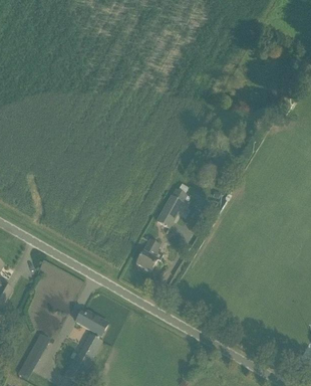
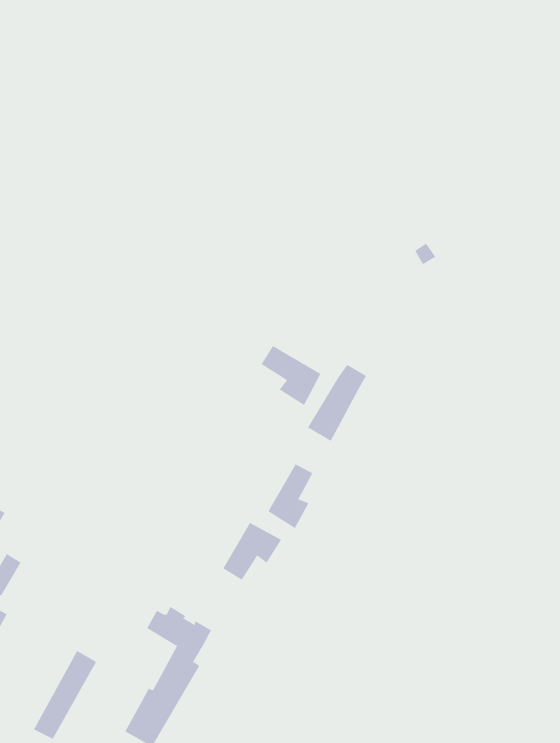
building: none -> [261,345,321,406]
building: none -> [223,522,282,580]

